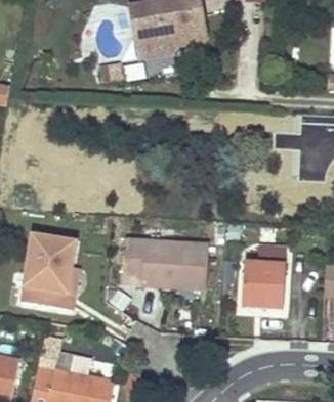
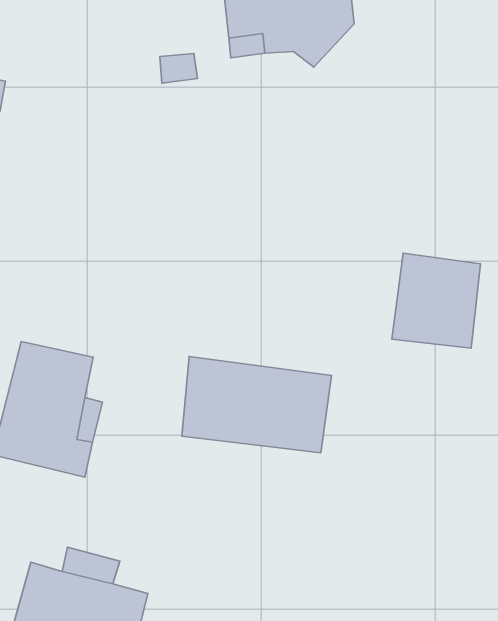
building: [240,260,288,312] -> [392,253,481,348]

